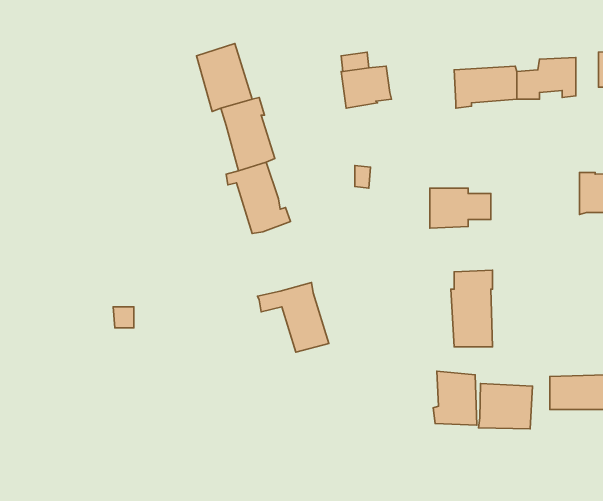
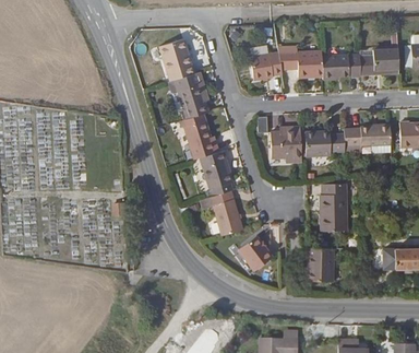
building: none -> [280,51,324,78]
building: none -> [346,125,393,145]
building: none -> [273,127,303,161]
building: none -> [203,150,234,195]
building: none -> [242,233,275,267]
building: [479,384,533,429] -> none

